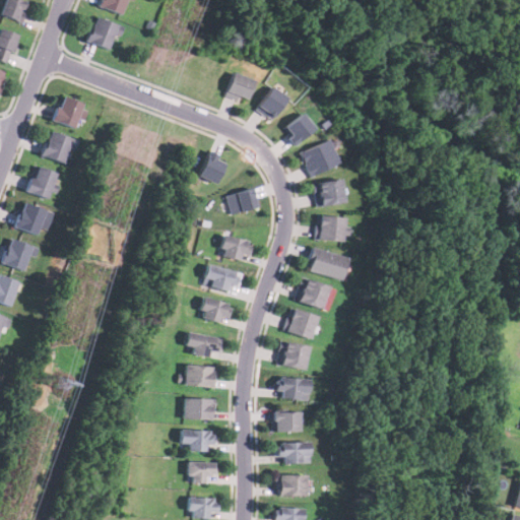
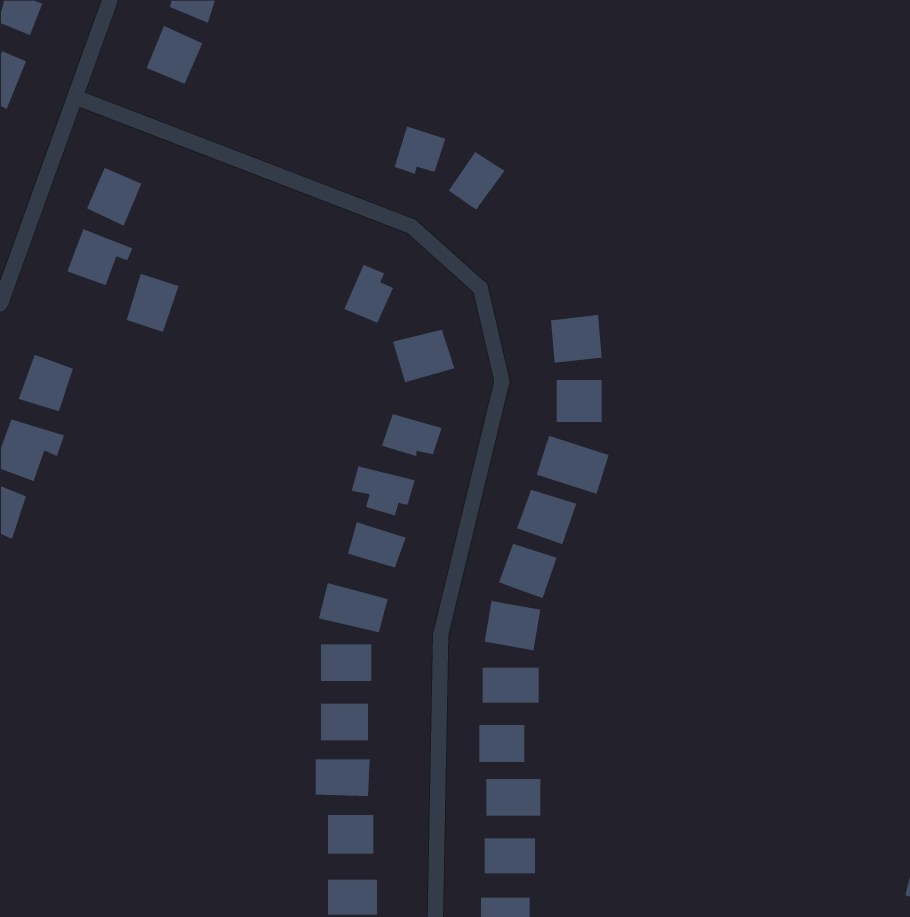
building: [288,113,318,145] -> none
building: [303,140,342,176] -> none
building: [28,166,59,199] -> [126,273,180,333]

